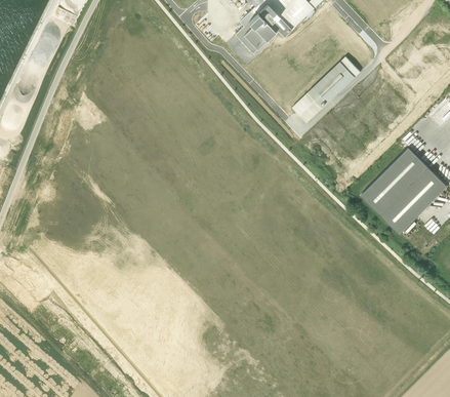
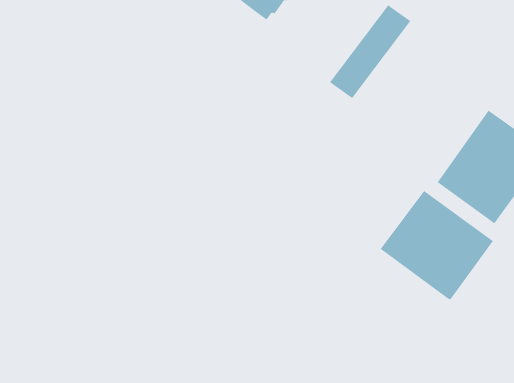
building: none -> [380,190,493,300]

